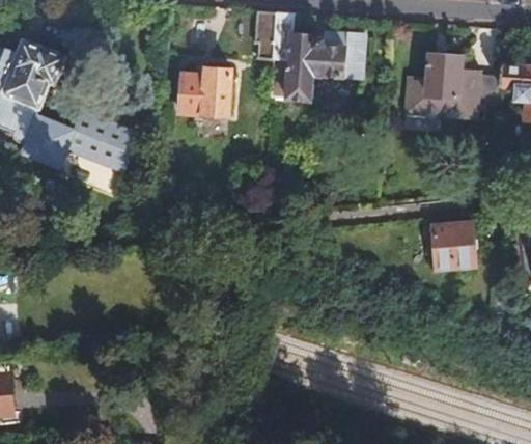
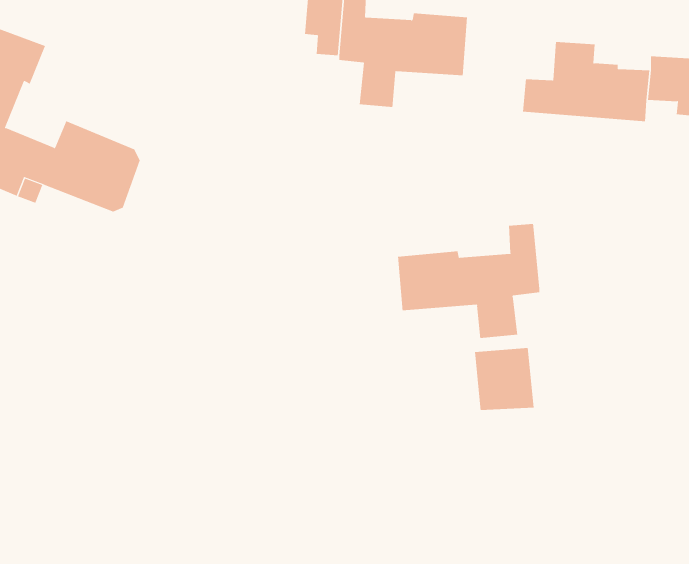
building: [181,70,231,117] -> none
building: none -> [398,223,540,339]
building: [437,224,480,270] -> [474,347,534,411]

